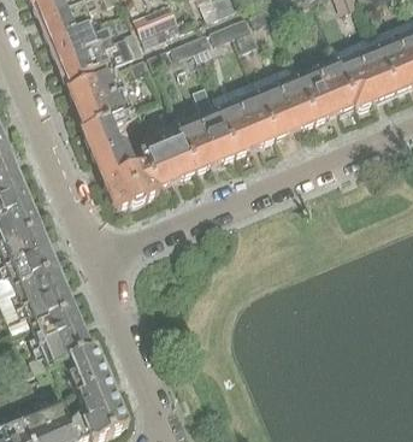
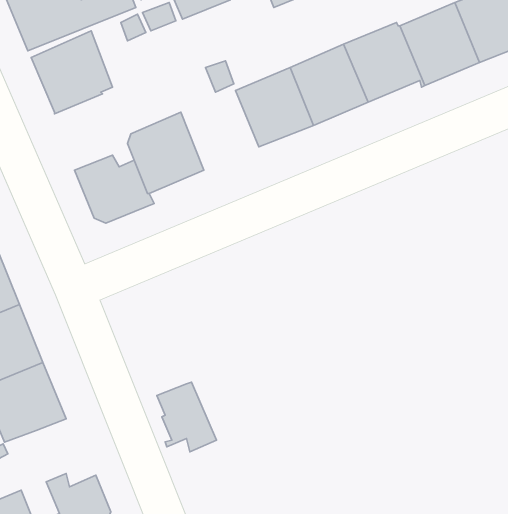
building: [175,111,231,169] -> none
building: [81,113,125,169] -> none
building: [70,348,113,399] -> [157,382,217,452]

